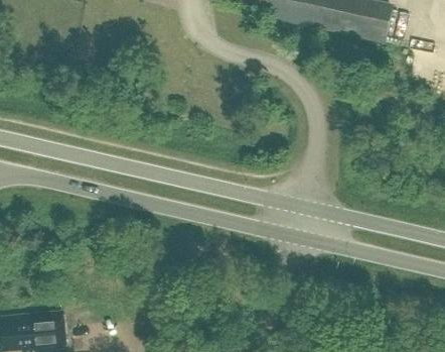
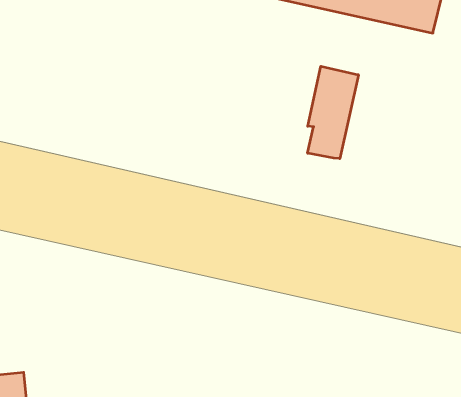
building: none -> [308,66,358,159]

